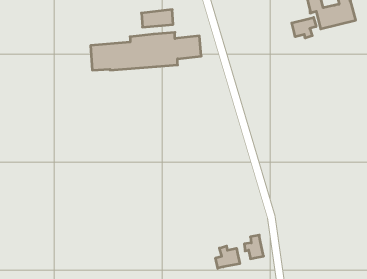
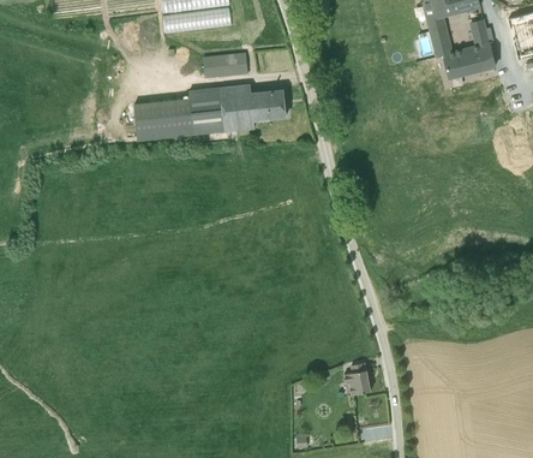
building: [292,17,316,38] -> none
building: [216,246,240,268] -> none

